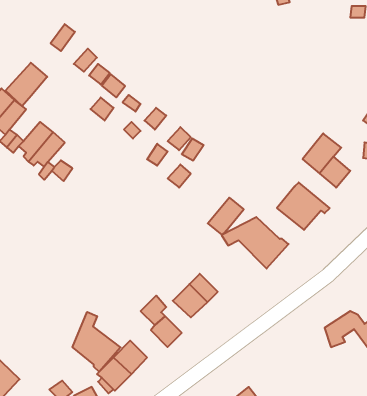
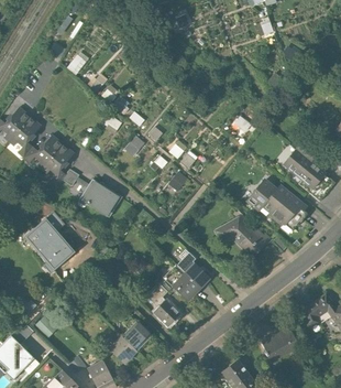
building: [6,63,47,106] -> none
building: none -> [86,177,128,214]
building: [208,198,244,235] -> [245,179,276,211]
building: none -> [32,209,81,271]
building: [72,312,121,372] -> none
building: none -> [261,330,302,362]

